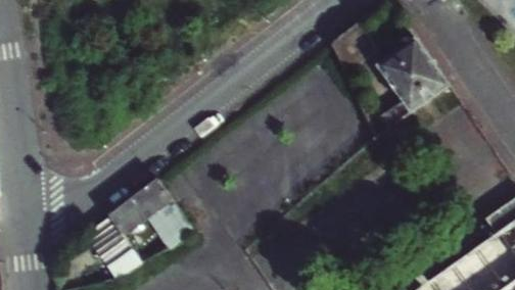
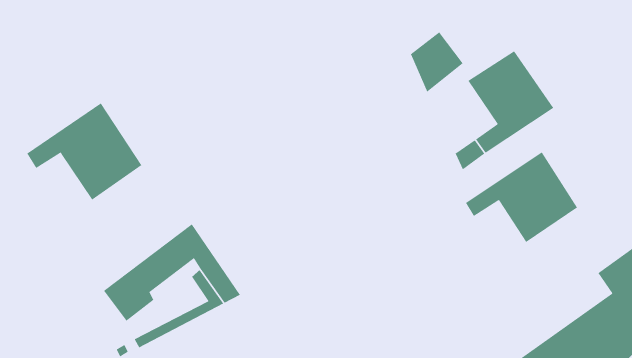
building: none -> [26,103,142,200]
building: none -> [465,151,578,243]

